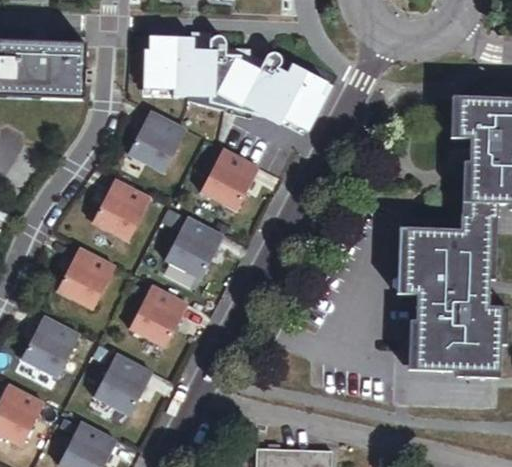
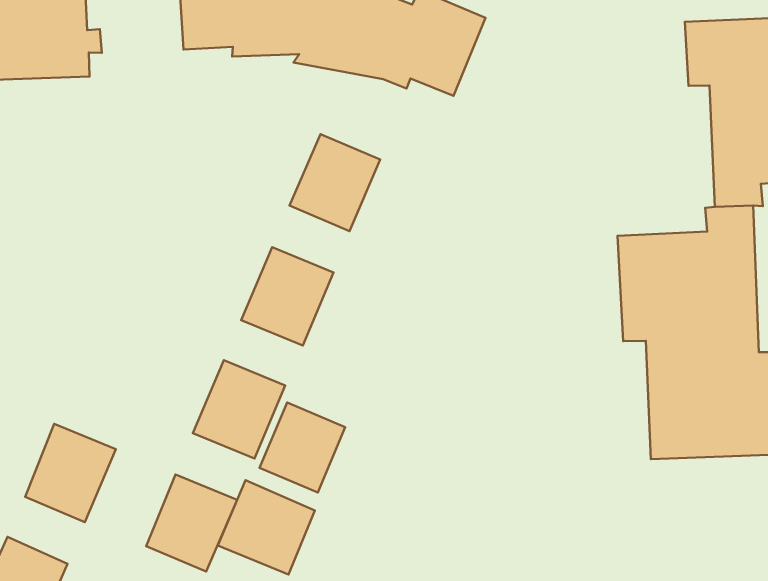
building: [127,110,186,172] -> none
building: [91,178,150,241] -> none
building: [55,247,115,309] -> none
building: none -> [260,402,345,493]
building: none -> [218,480,315,575]

